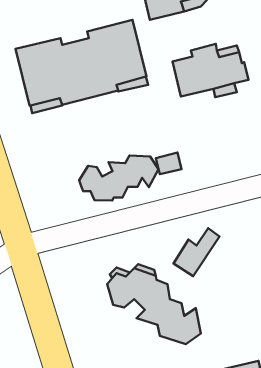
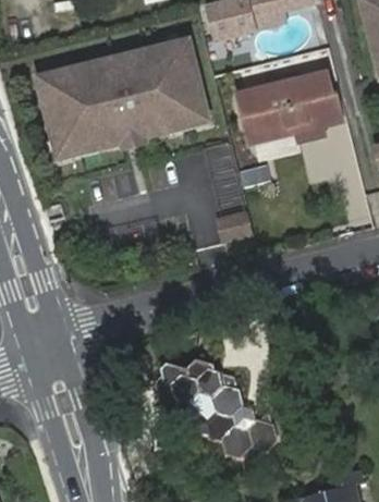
building: [79,156,158,201] -> none
building: [173,228,220,276] -> none

